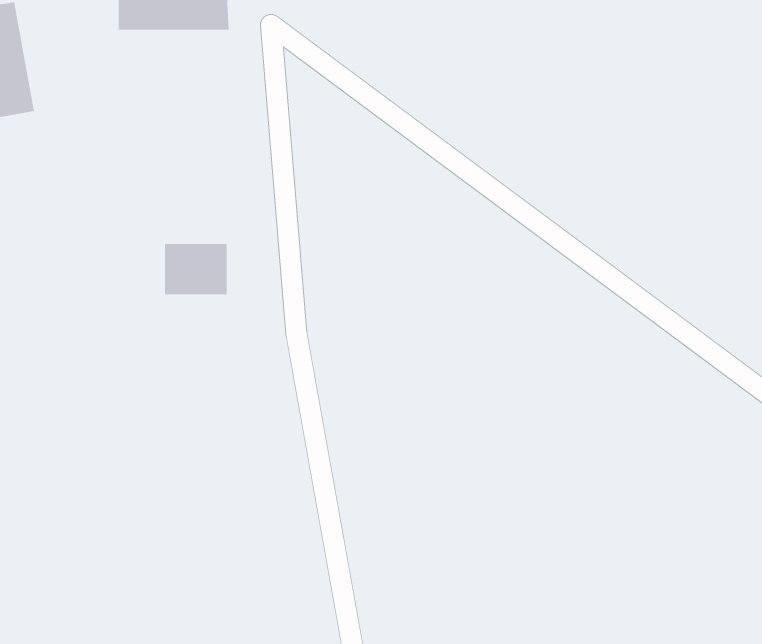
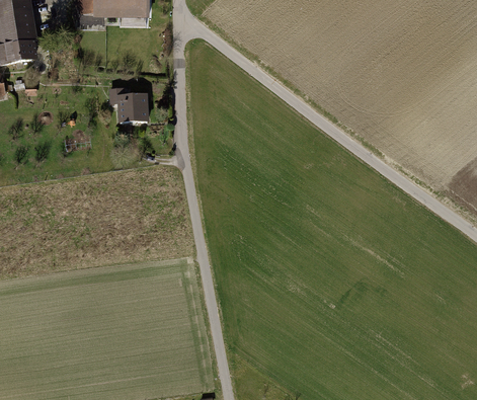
building: [164,243,227,295] -> [115,94,151,124]

